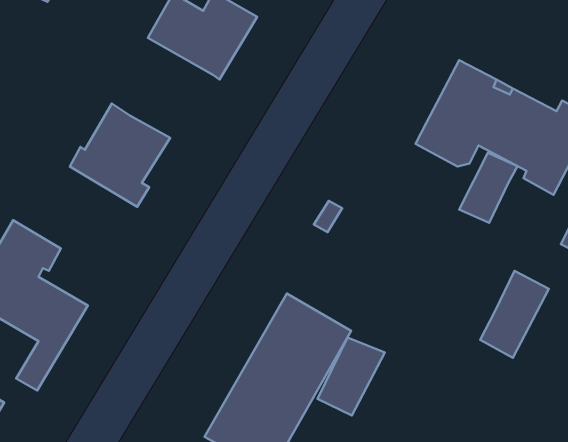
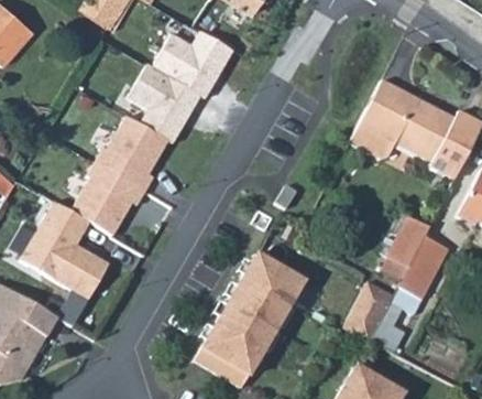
building: none -> [130,62,202,141]
building: [459,153,518,223] -> [387,215,430,267]
building: none -> [72,160,146,234]
building: [317,338,385,415] -> [346,284,395,342]

